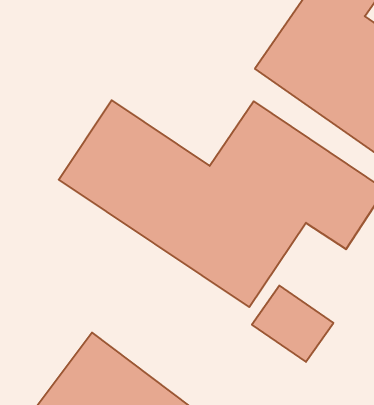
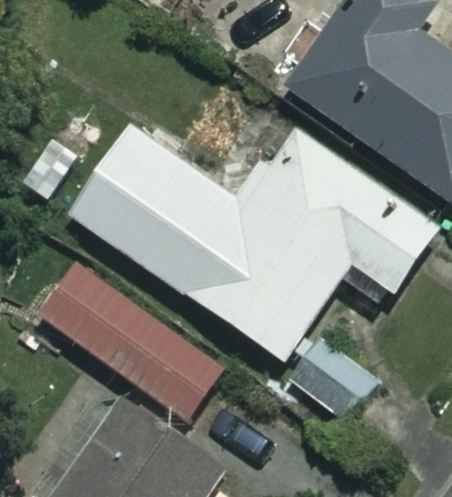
building: none -> [40,262,224,418]

